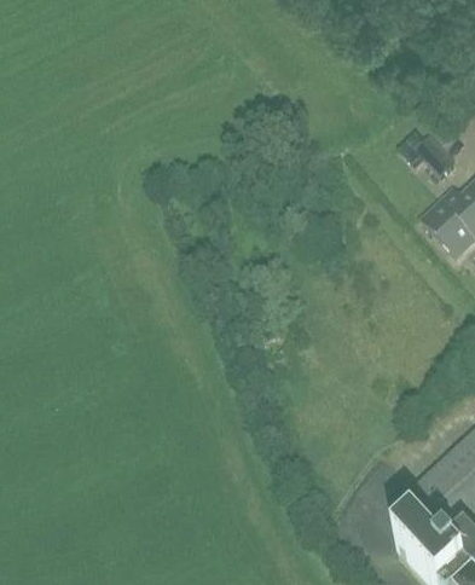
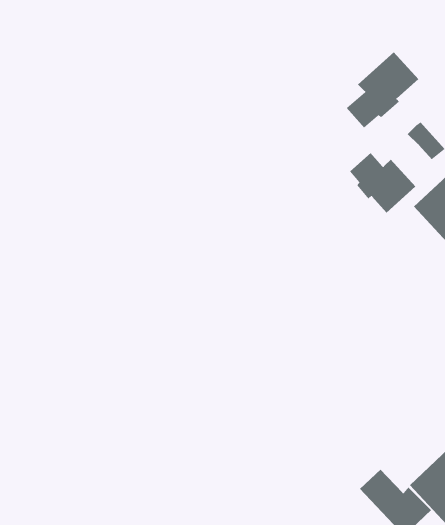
building: none -> [346,51,419,128]
building: none -> [349,152,416,213]

